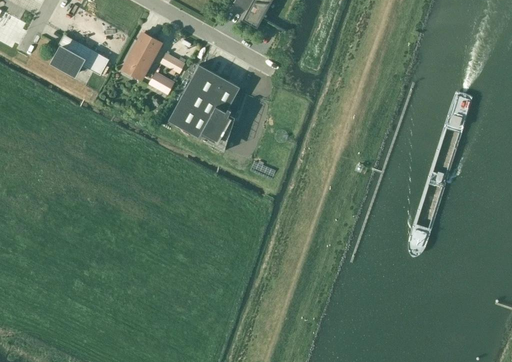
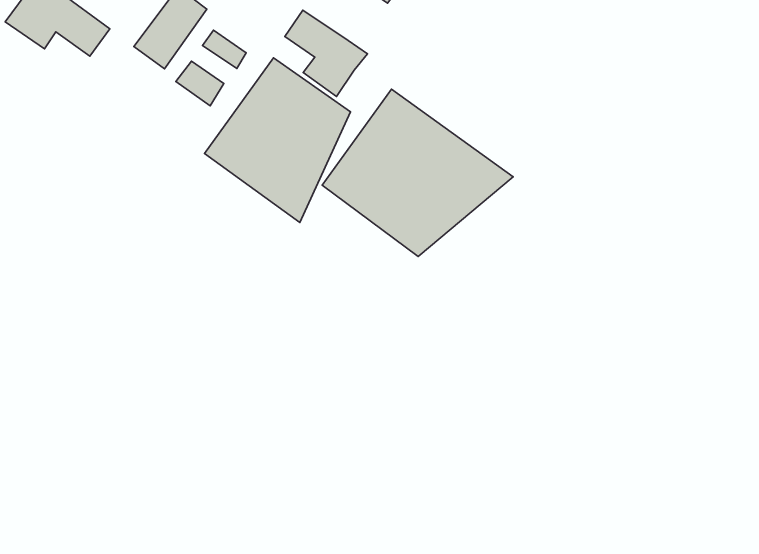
building: none -> [285,10,367,97]
building: none -> [322,89,513,256]

